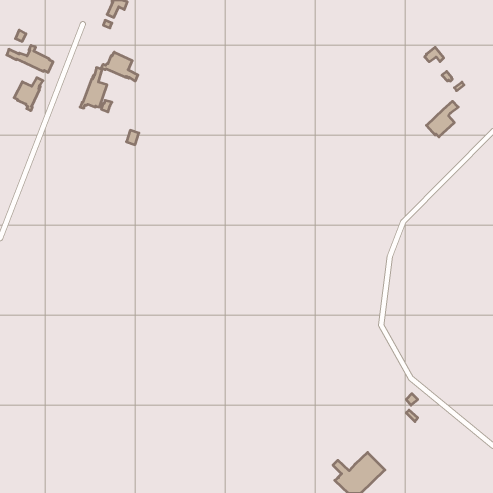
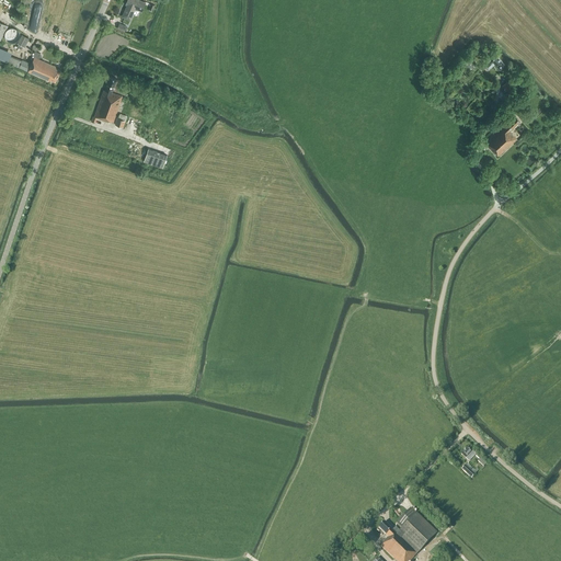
building: [101,52,138,81] -> none
building: [14,78,43,111] -> none

